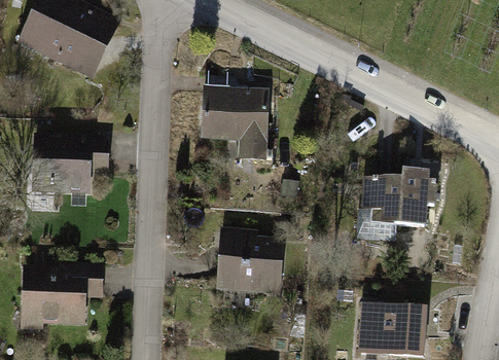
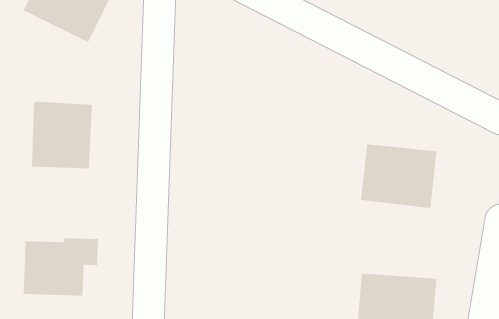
building: [199,86,273,150] -> none
building: [217,235,287,293] -> none

